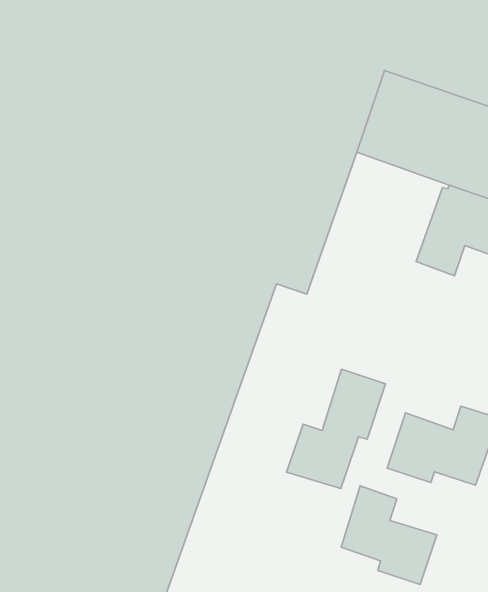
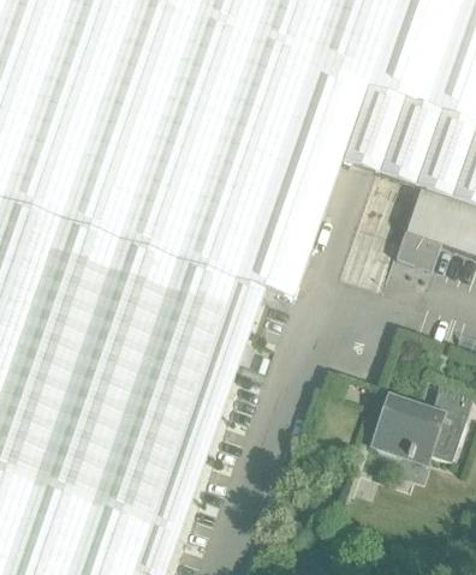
building: [287,369,386,489] -> none
building: [341,486,437,585] -> none

